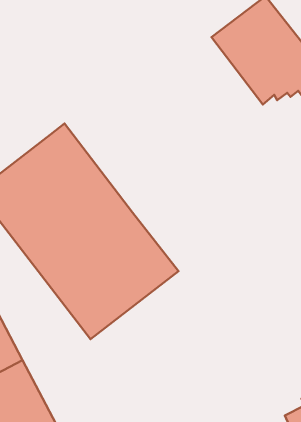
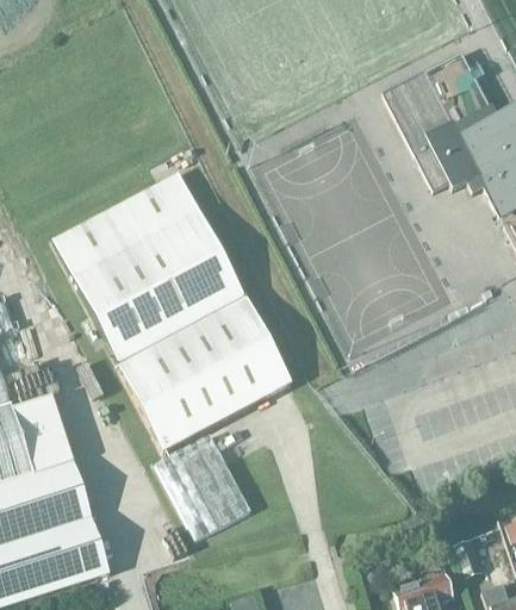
building: none -> [155,434,251,540]

